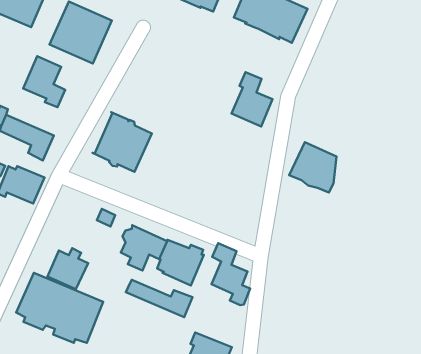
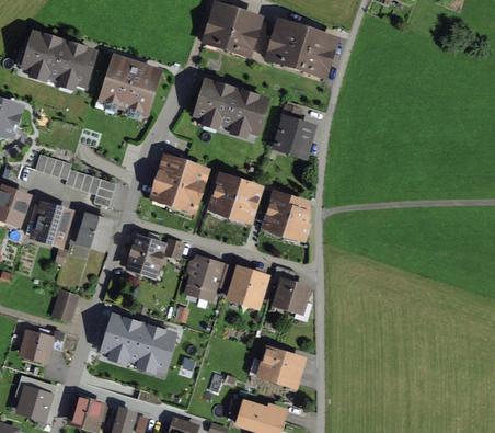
building: none -> [196,81,266,134]
building: [23,56,65,107] -> none
building: none -> [210,175,260,219]
building: [289,142,336,193] -> [264,194,306,238]
building: [47,248,88,289] -> [127,237,163,274]
building: [126,280,193,317] -> none

